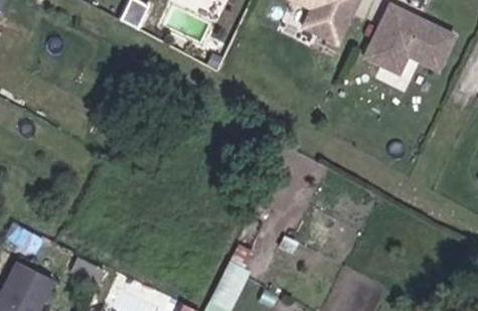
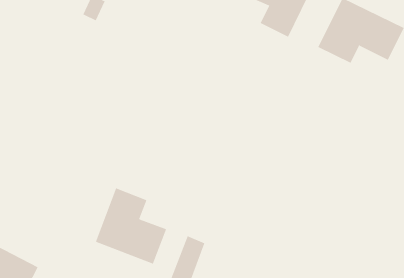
building: none -> [95,188,167,265]

